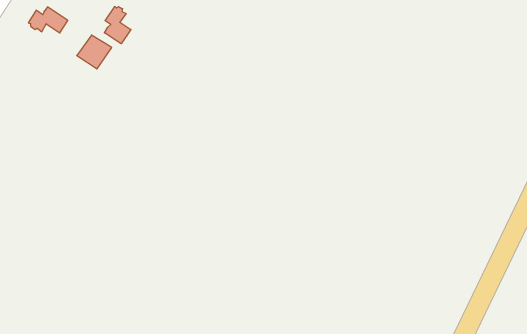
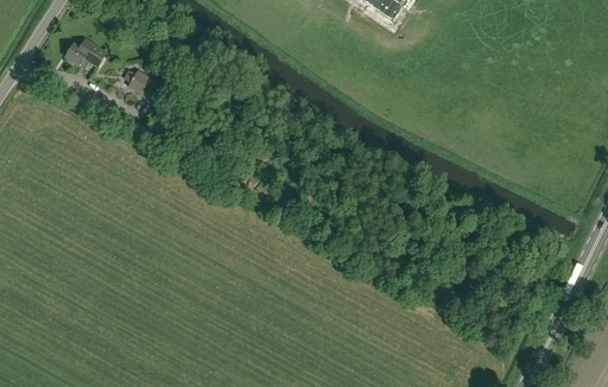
building: [104,6,131,44] -> none

